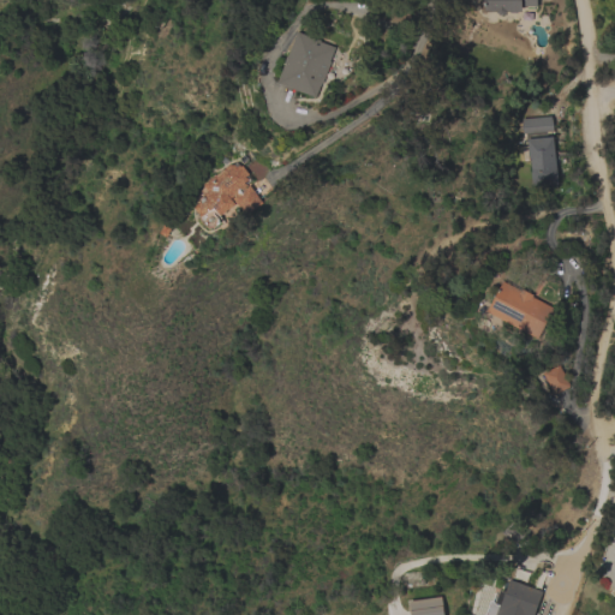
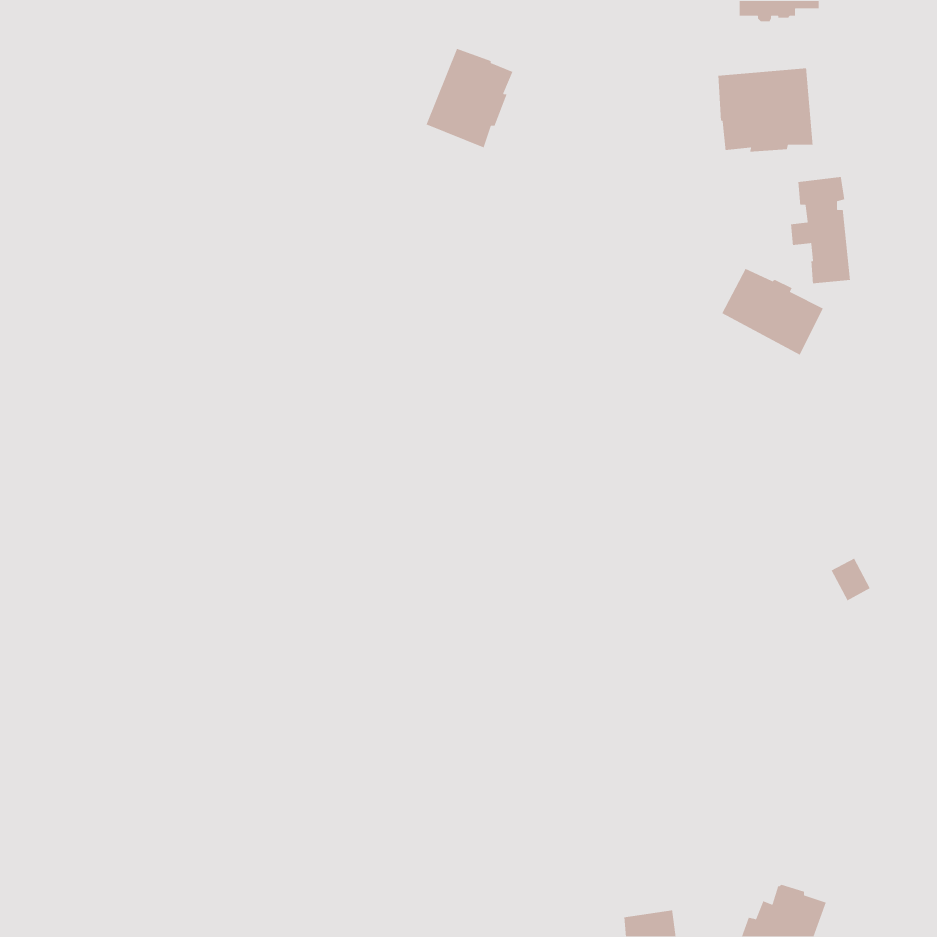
building: none -> [718,68,814,153]
building: [195,163,263,227] -> none
building: [488,281,555,339] -> [721,268,824,356]

